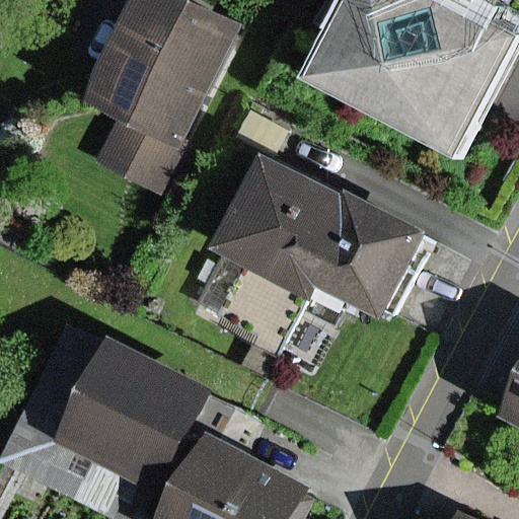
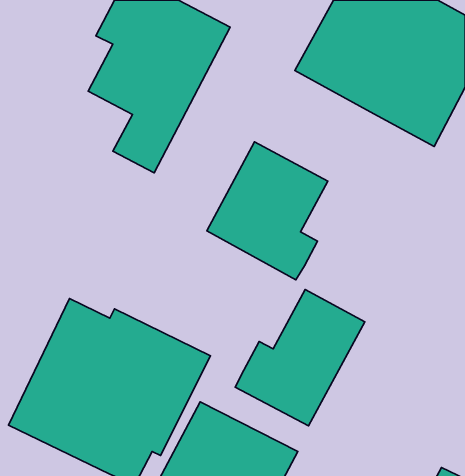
building: [324,195,433,321] -> none
building: none -> [235,290,365,426]

